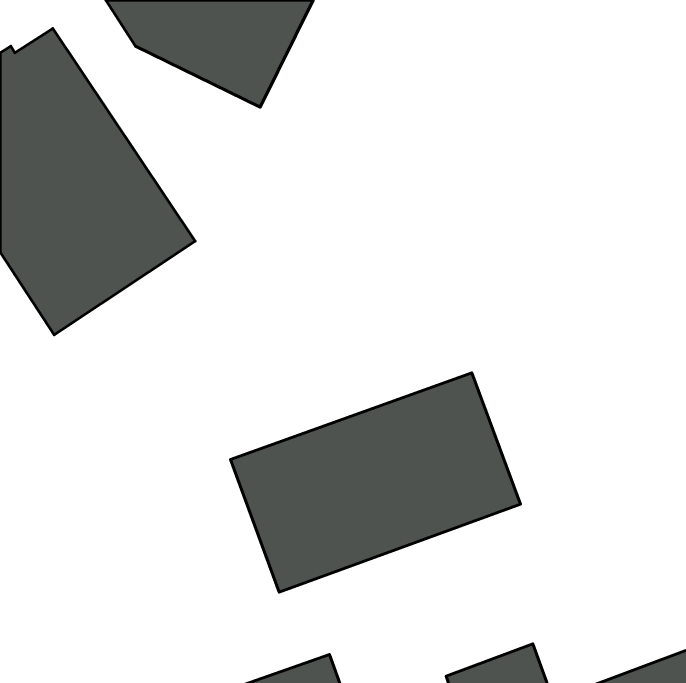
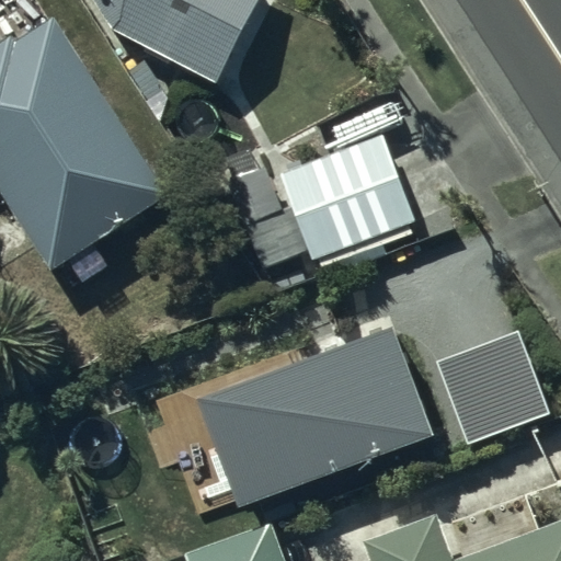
building: none -> [276,124,413,256]
building: none -> [438,323,552,437]

